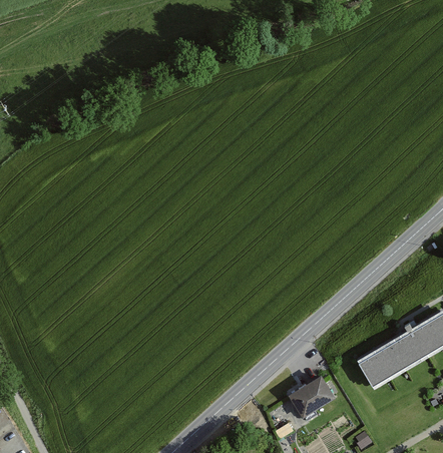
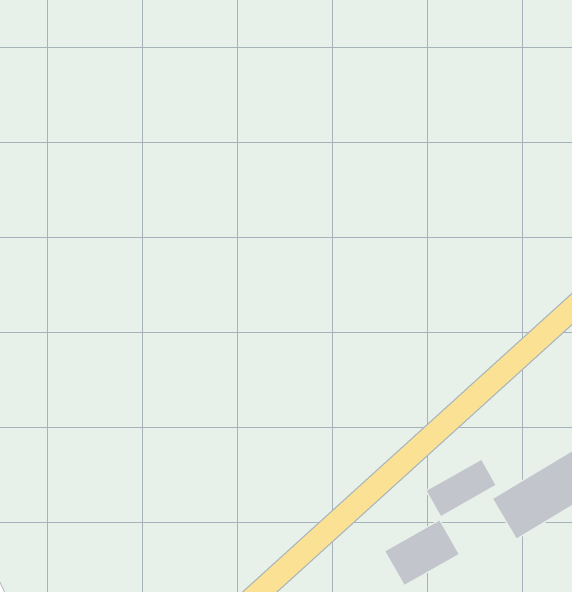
building: none -> [426,459,496,517]

